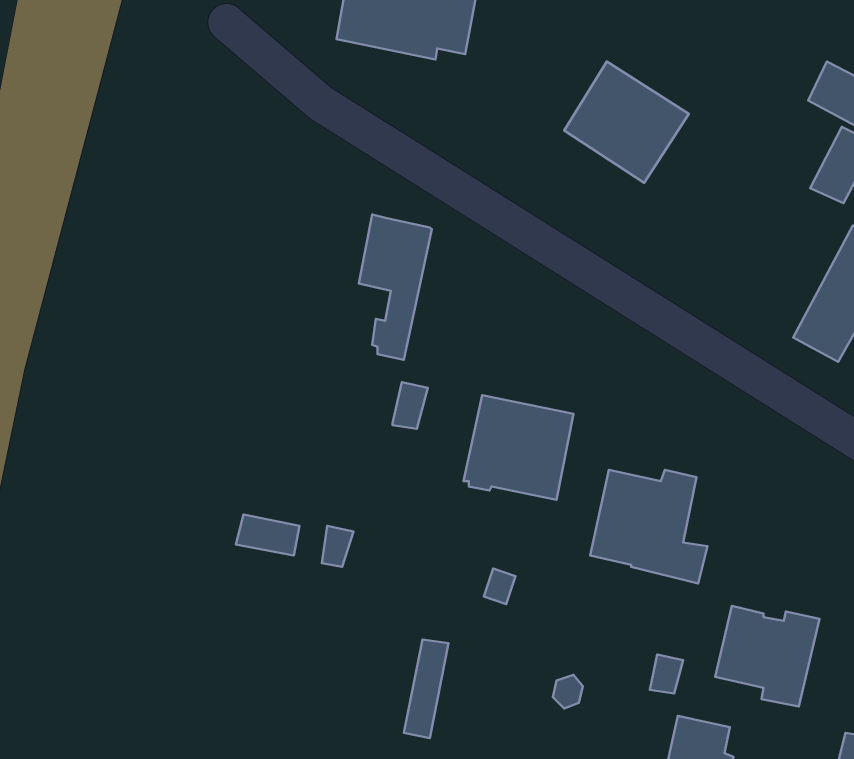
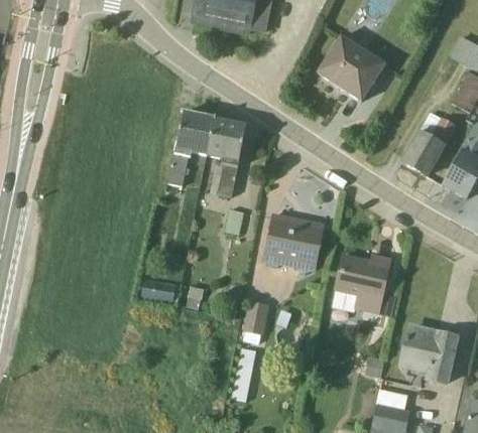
building: none -> [168,111,215,184]
building: none -> [402,111,455,174]
building: none -> [244,300,269,341]

